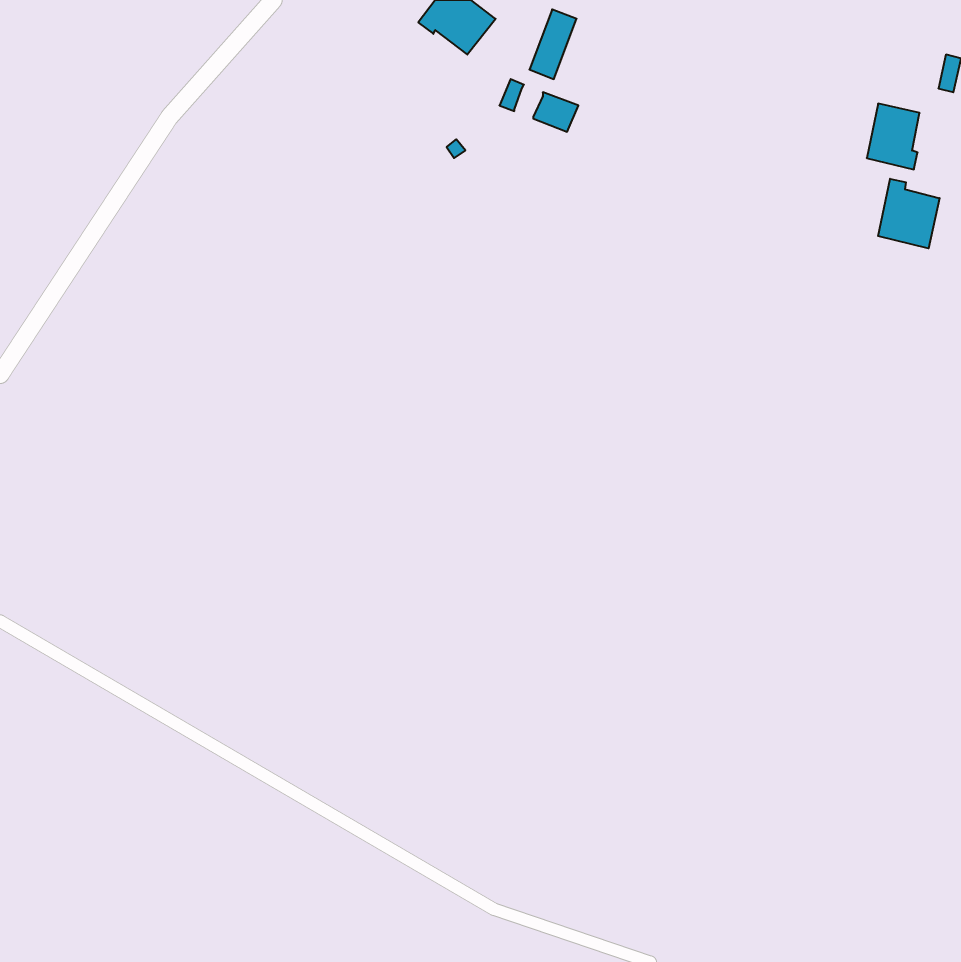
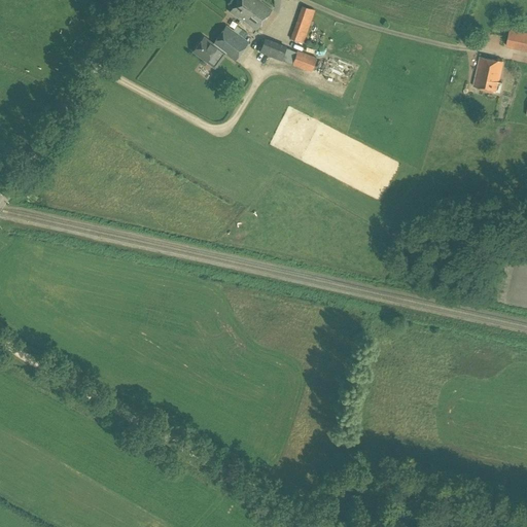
building: none -> [194,25,249,62]
building: [878,179,940,248] -> none

